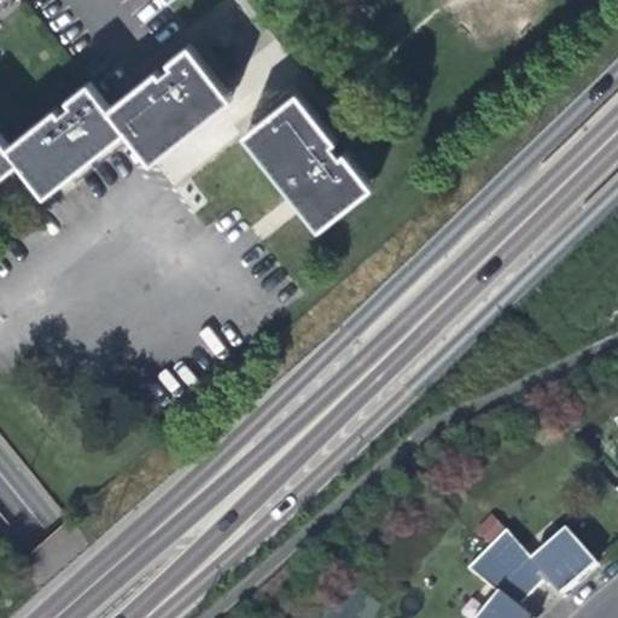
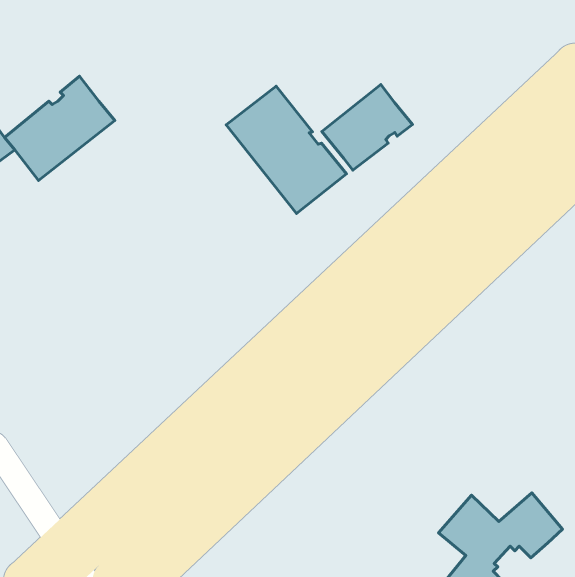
building: [105,47,228,165] -> none
building: none -> [322,85,412,170]

